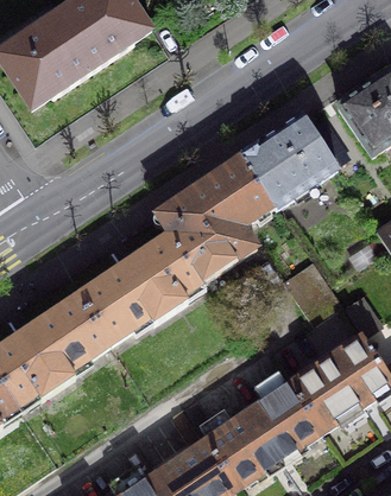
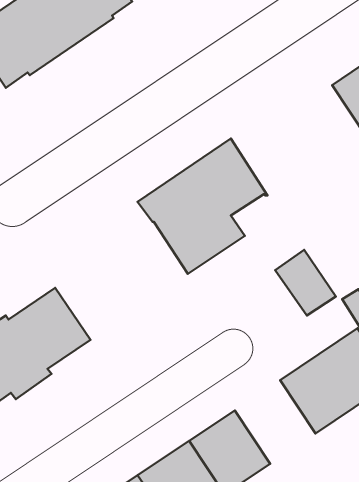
building: [244,115,338,208] -> none
building: [78,233,203,343] -> none
building: [247,381,323,459] -> none

